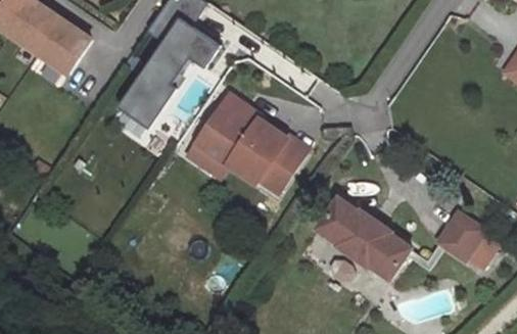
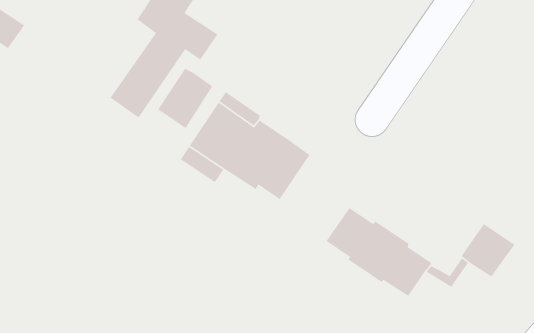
building: [33,22,86,76] -> none
building: none -> [157,68,213,129]

